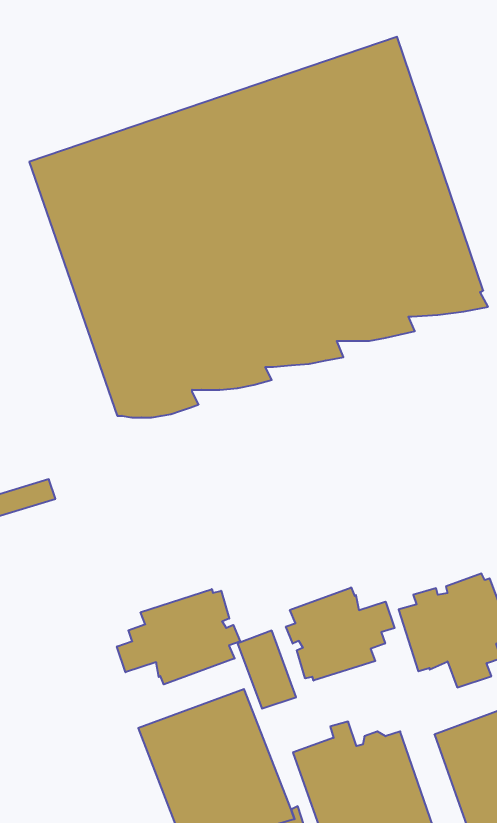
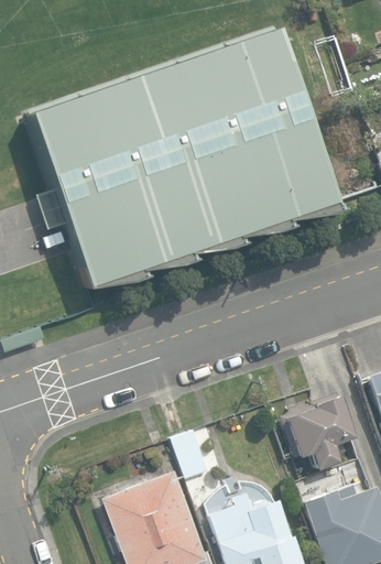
building: [286,587,395,681] -> none
building: [117,589,240,684] -> none

